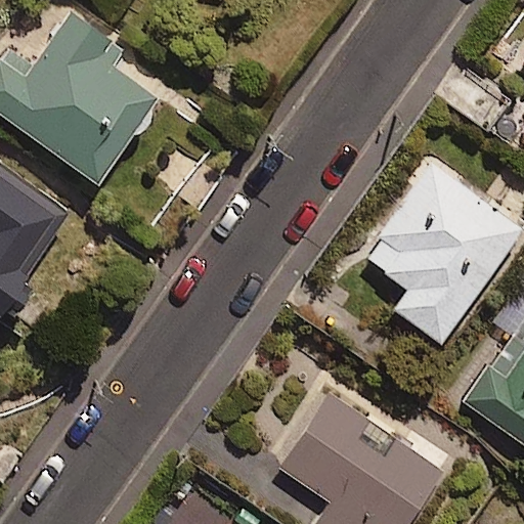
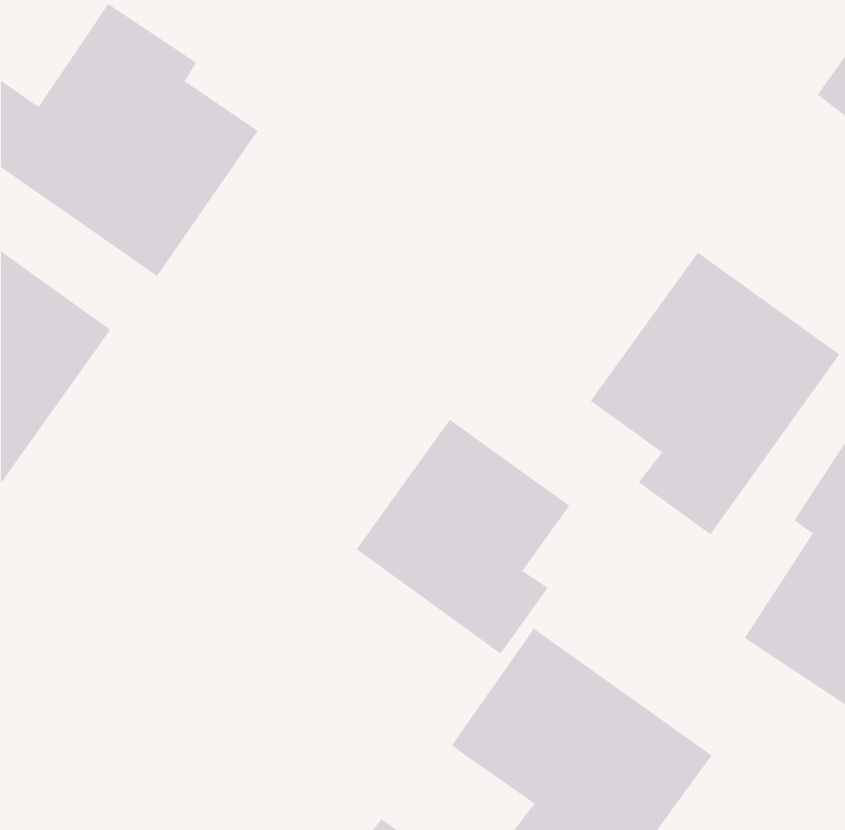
building: none -> [356,419,570,654]

